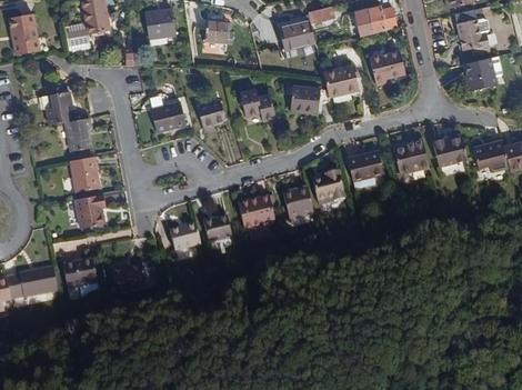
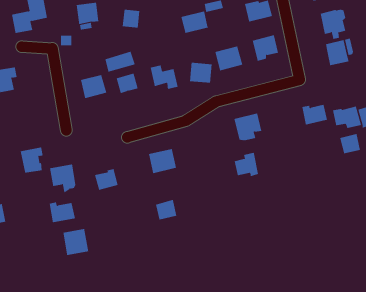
building: none -> [105,51,136,73]
building: [66,118,91,152] -> none
building: [393,139,429,174] -> none
building: [69,157,97,193] -> none
building: [312,170,344,201] -> [234,152,259,177]
building: none -> [339,133,361,154]
building: [282,190,312,218] -> none
building: [203,216,231,242] -> [155,199,177,220]
building: [62,259,97,297] -> [49,164,76,194]
building: none -> [63,228,89,256]

